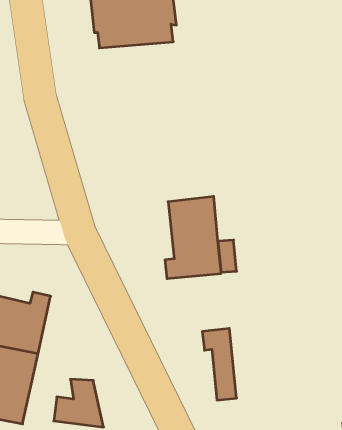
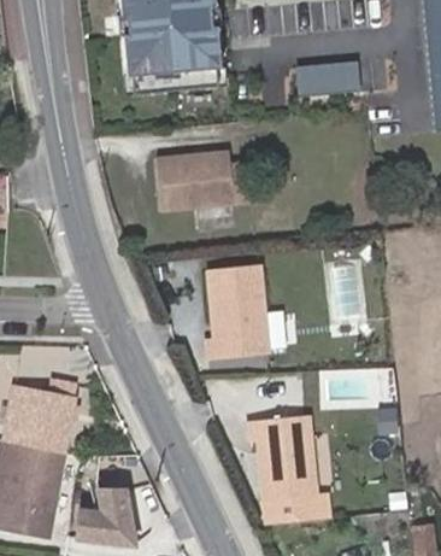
building: none -> [293,62,360,96]
building: none -> [160,156,254,213]
building: none -> [282,419,321,502]

